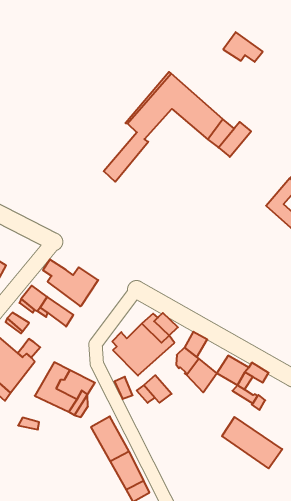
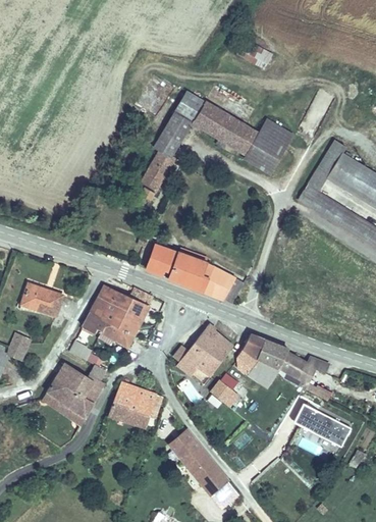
building: none -> [258,119,293,169]
building: none -> [146,248,245,306]
building: none -> [90,296,139,333]
building: none -> [257,336,287,367]

